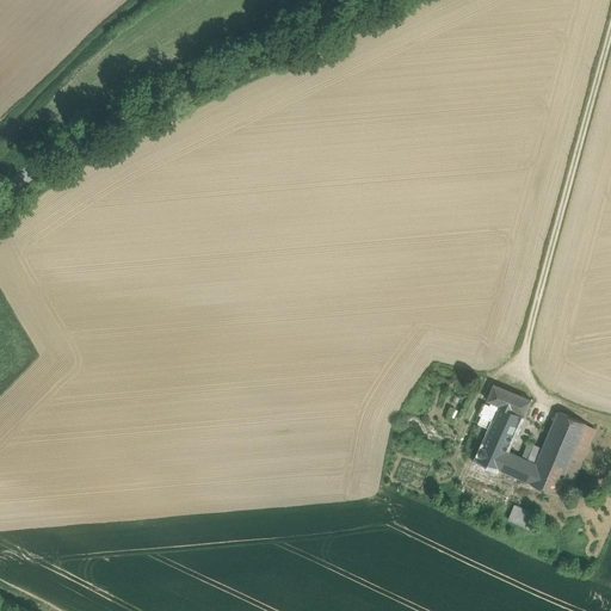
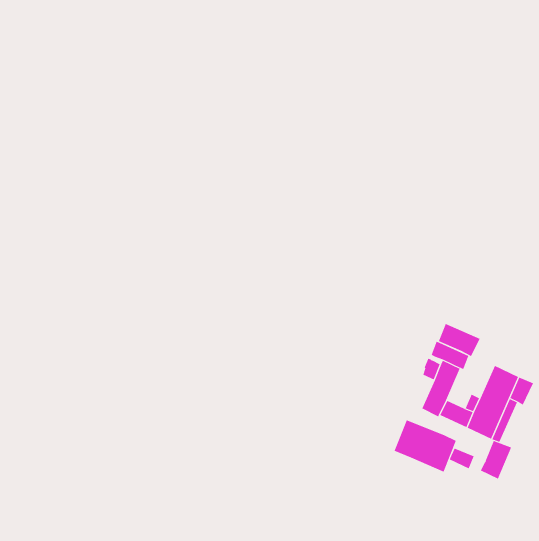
building: none -> [438,323,480,357]
building: none -> [394,419,457,472]
building: none -> [480,440,512,480]

